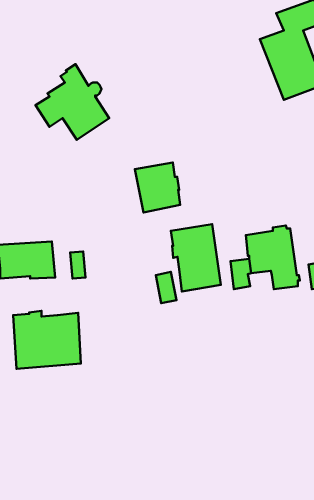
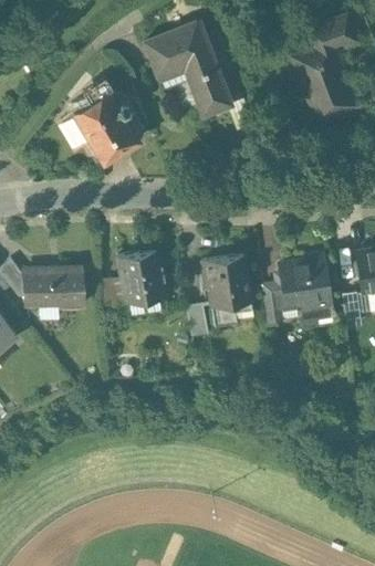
building: none -> [146,27,232,118]
building: [135,163,180,212] -> [117,249,164,300]
building: [13,311,81,369] -> none

